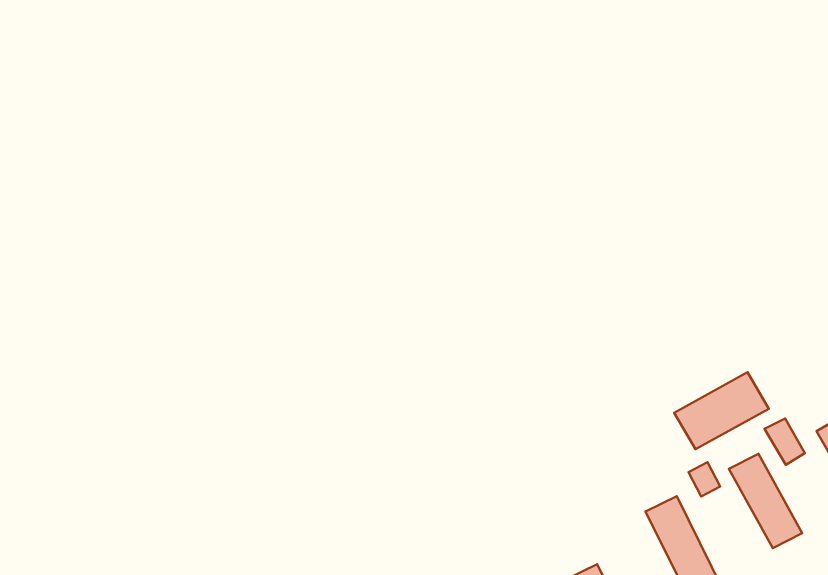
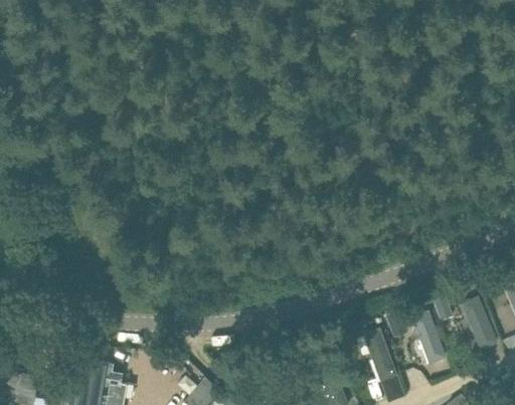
building: [674,372,769,449] -> none

